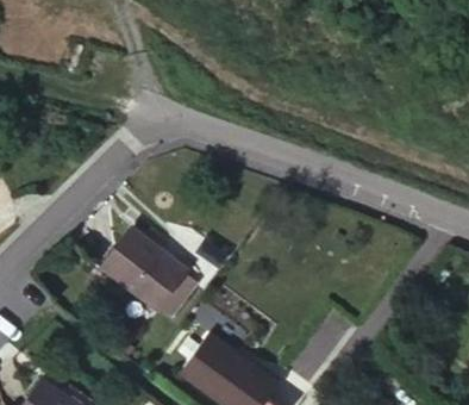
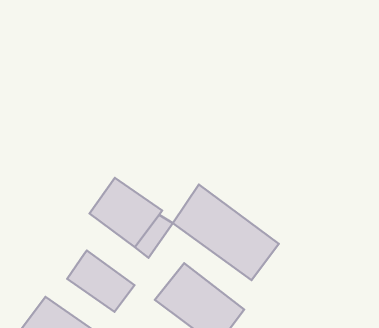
building: none -> [173,184,279,280]
building: none -> [67,250,134,312]

